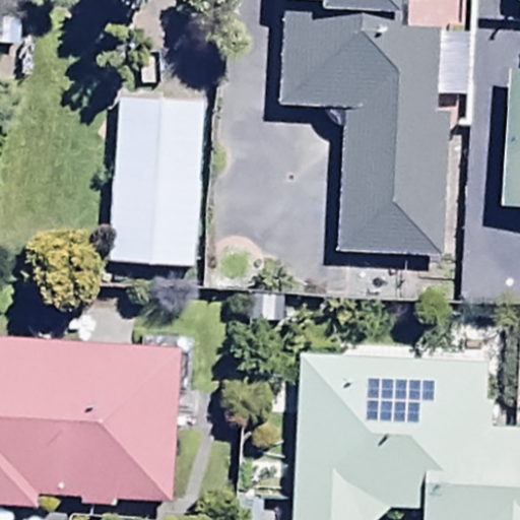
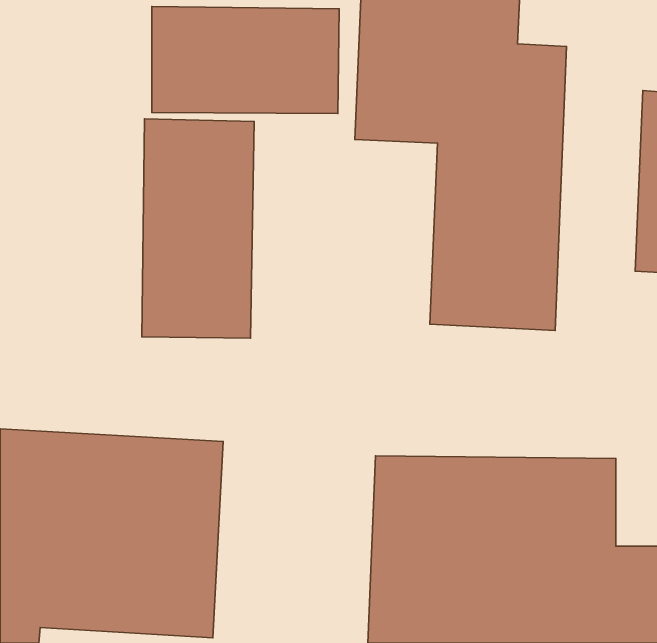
building: none -> [152,7,339,114]

